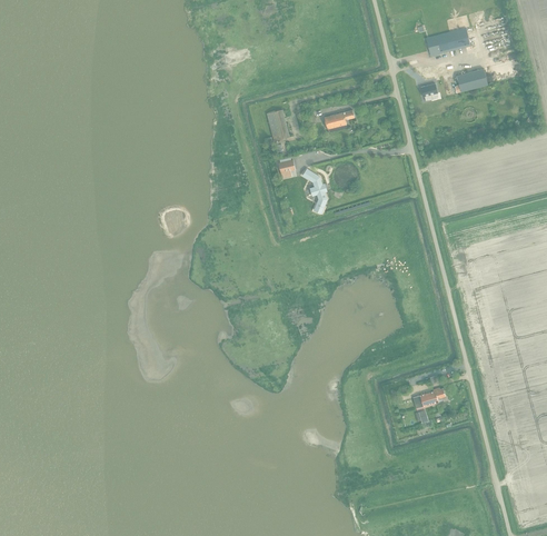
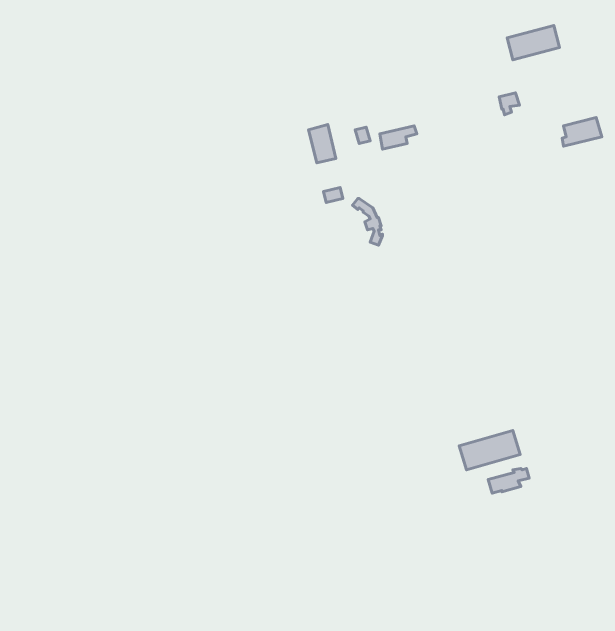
building: [455,69,487,92] -> [562,118,602,146]
building: none -> [459,430,520,470]

